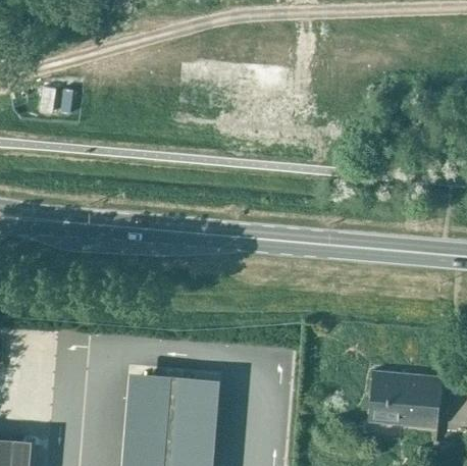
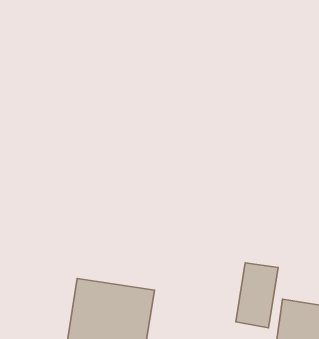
building: none -> [236,263,278,328]

